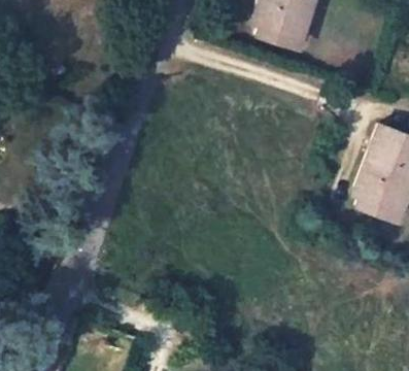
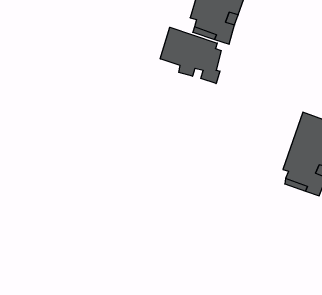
building: none -> [160,27,221,84]

